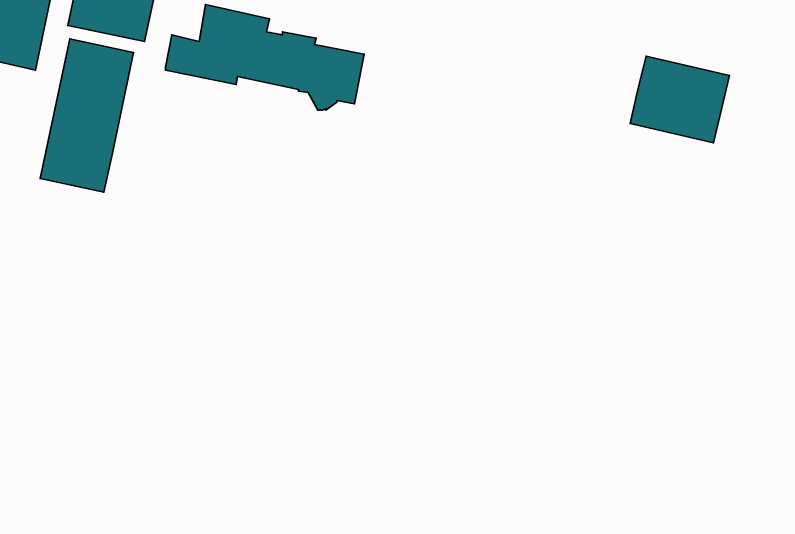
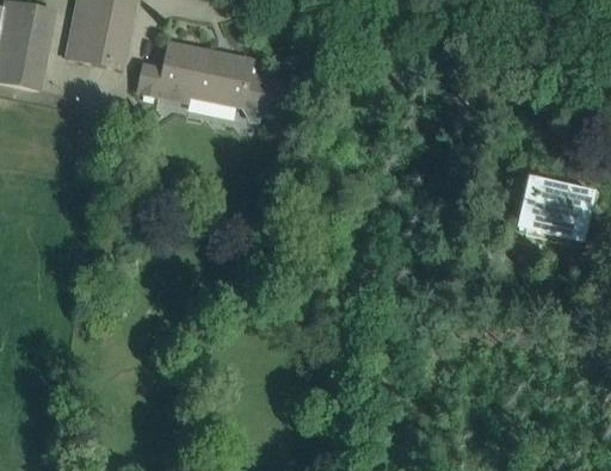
building: [40,39,133,192] -> none
building: [630,56,730,143] -> [516,179,590,243]

